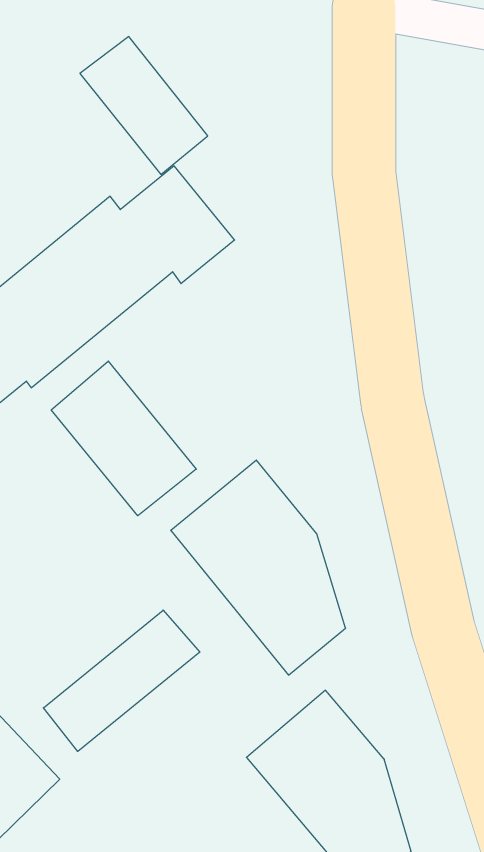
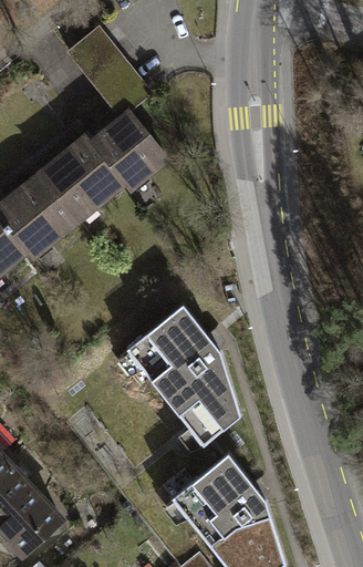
building: [51,361,196,516] -> none
building: [43,610,200,751] -> none

